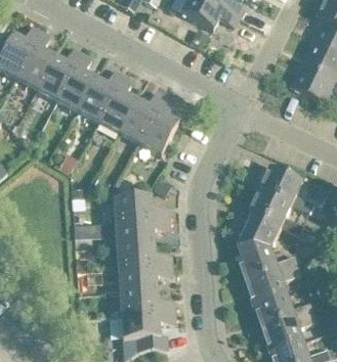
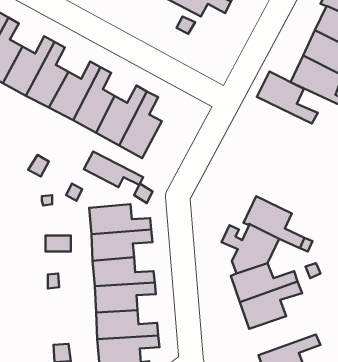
building: none -> [84,152,143,187]
building: [261,166,315,212] -> [257,71,318,123]
building: [255,295,314,329] -> none

